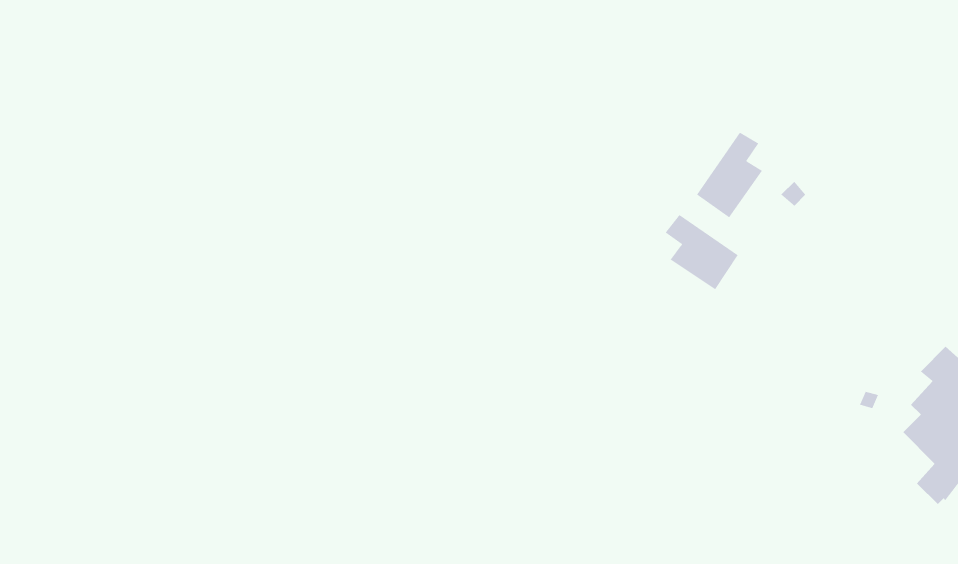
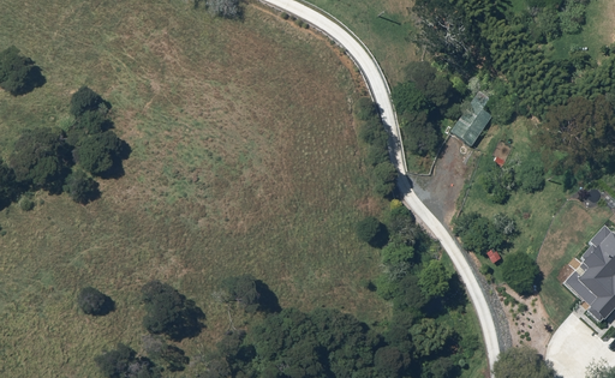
building: [665,214,739,290] -> none

